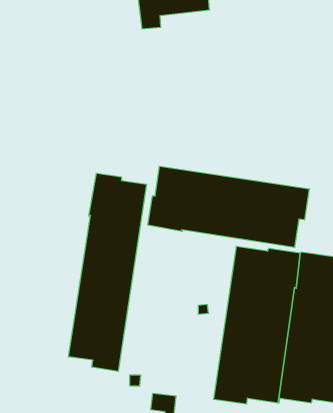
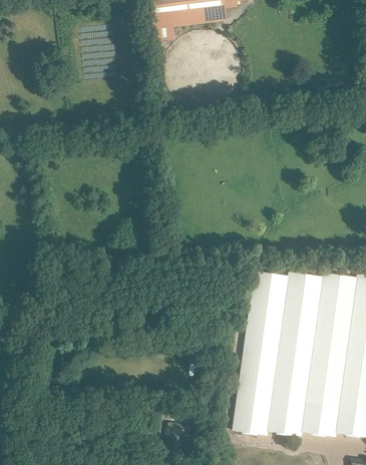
building: [148,166,309,248] -> none
building: [69,173,146,372] -> none

